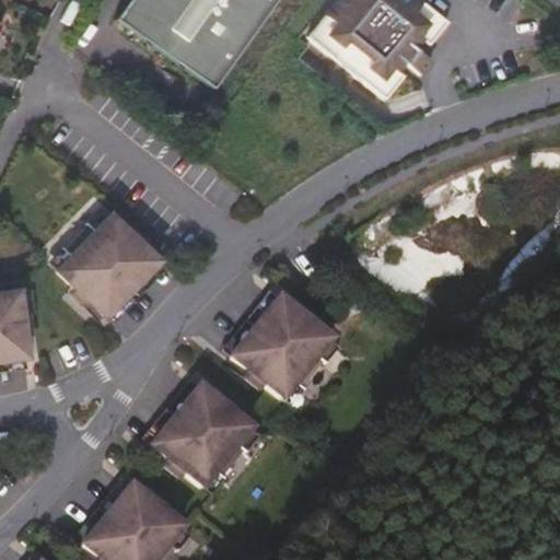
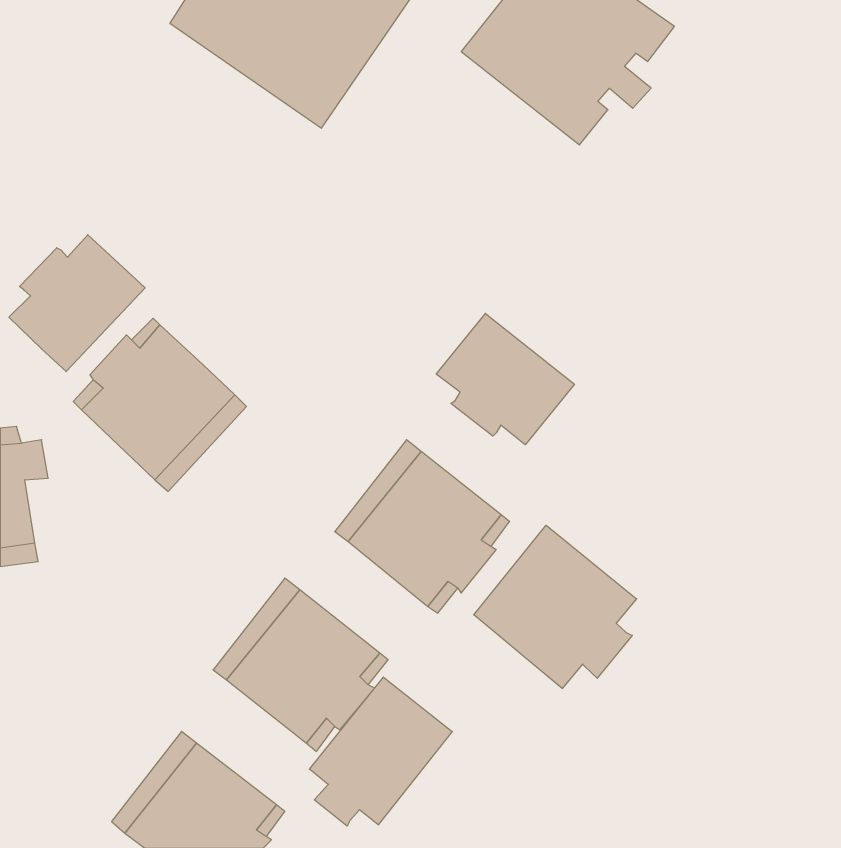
building: none -> [9,235,145,372]
building: none -> [436,313,574,445]
building: none -> [474,525,637,689]
building: none -> [309,677,452,826]

